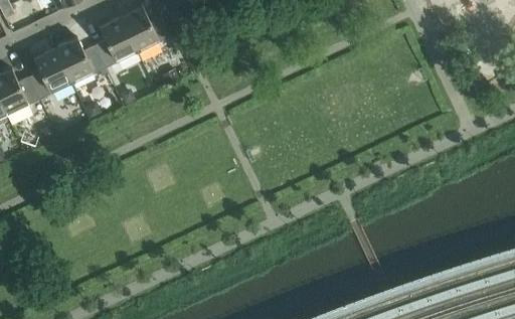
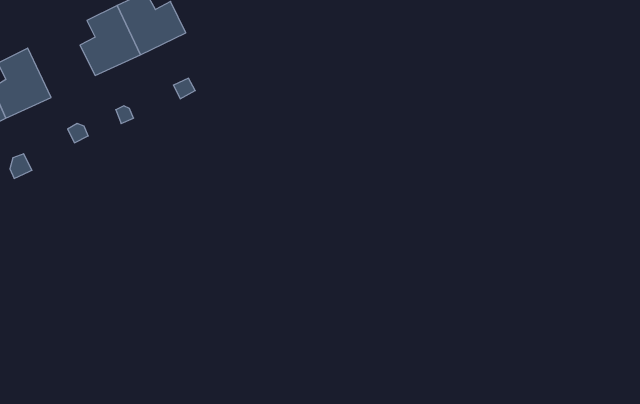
building: [54,37,104,84] -> none

